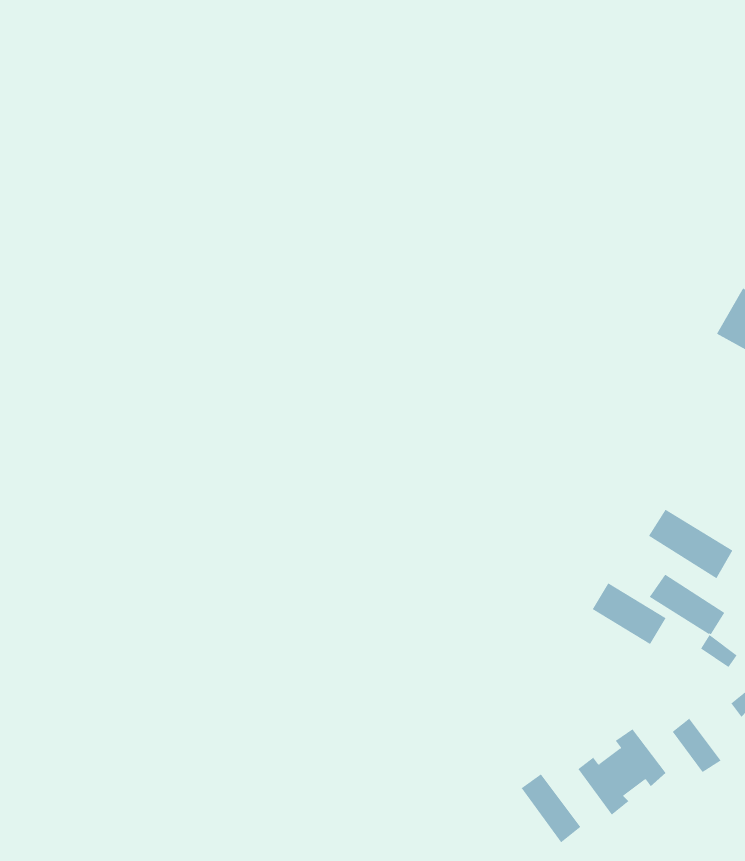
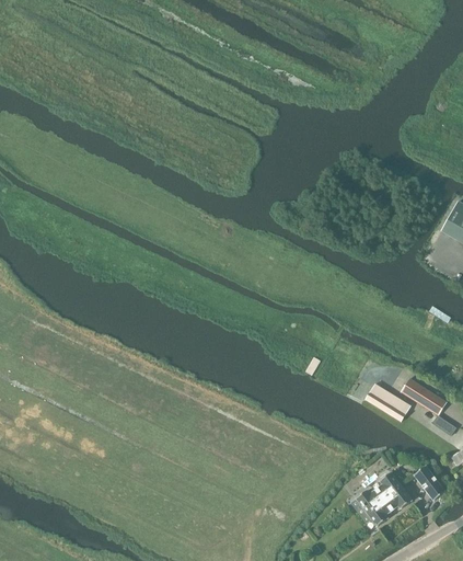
building: [648,509,733,579] -> none
building: [521,773,581,843] -> none

